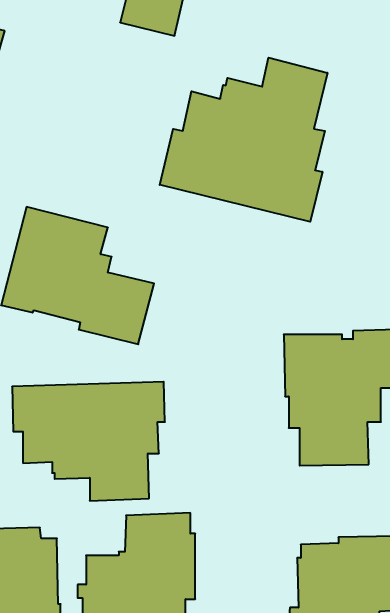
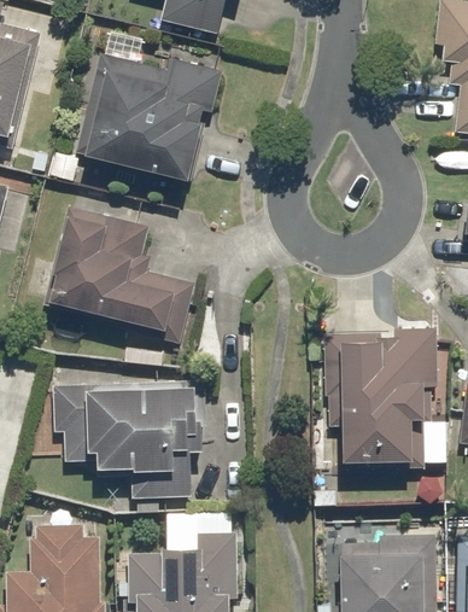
building: none -> [76,56,223,183]
building: [160,58,327,222] -> none

